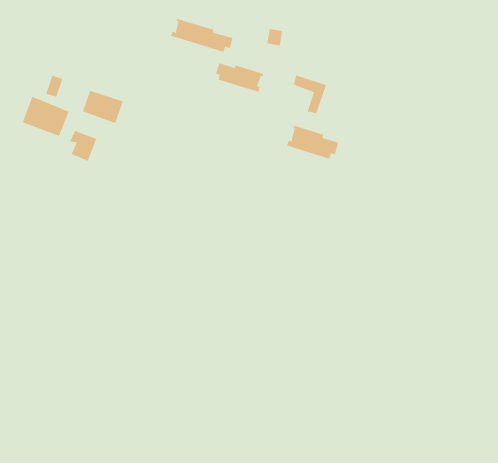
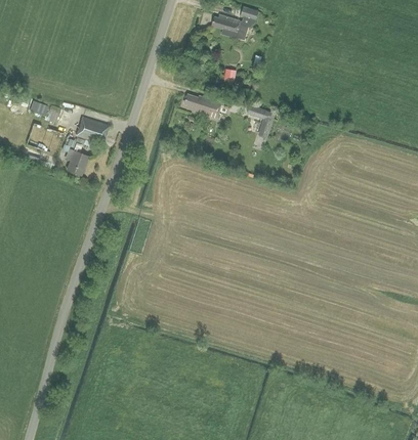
building: [170,18,233,52] -> none
building: [286,125,339,160] -> none

